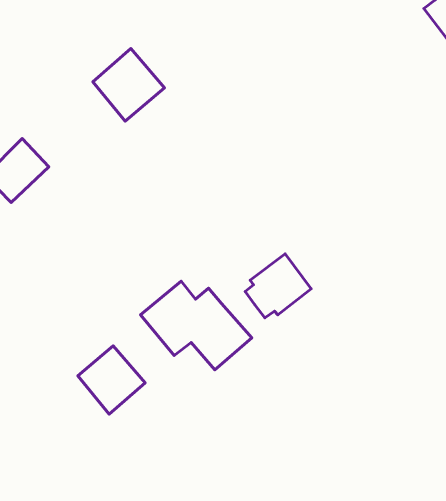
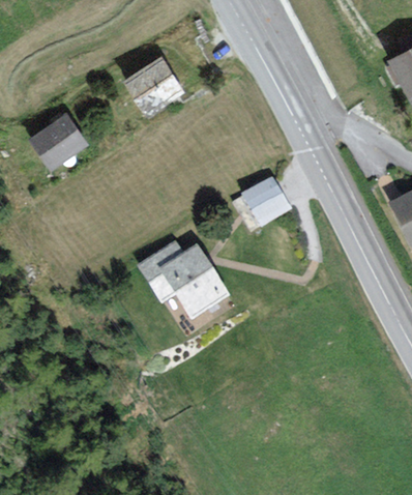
building: [245,254,311,318] -> [238,176,290,224]
building: [78,346,145,414] -> none

